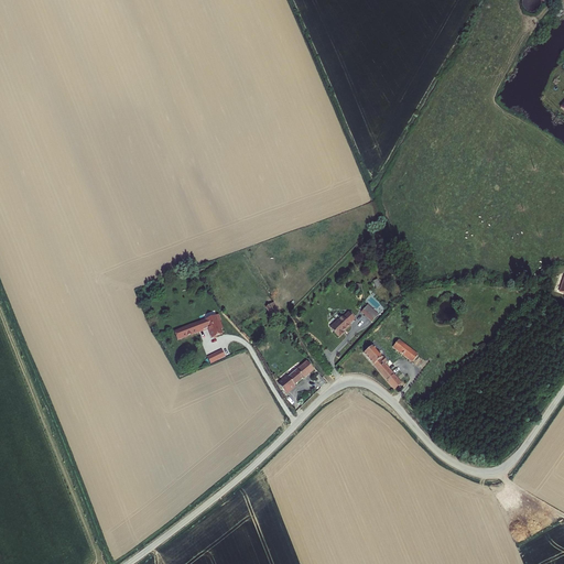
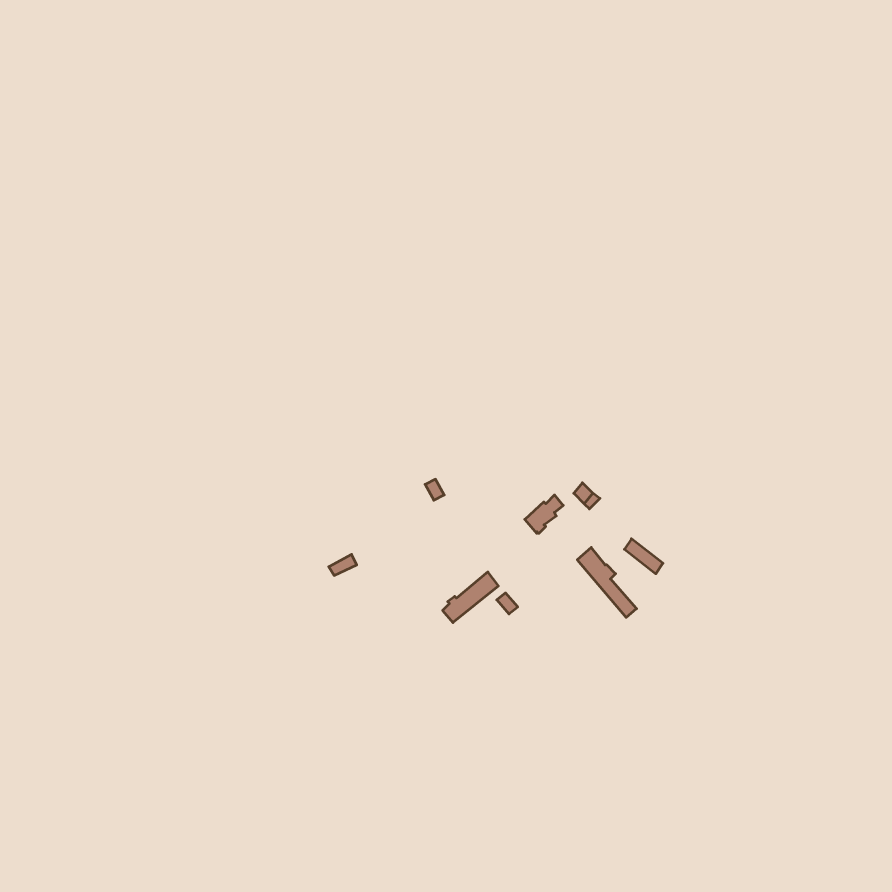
building: [175,315,224,338] -> none

